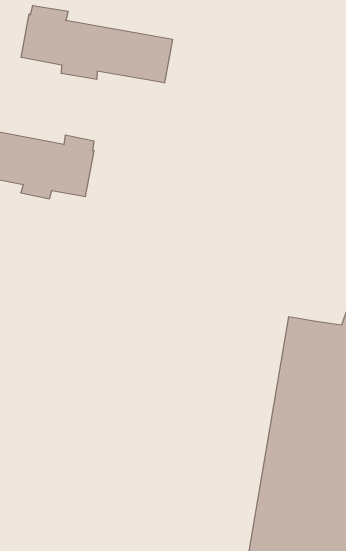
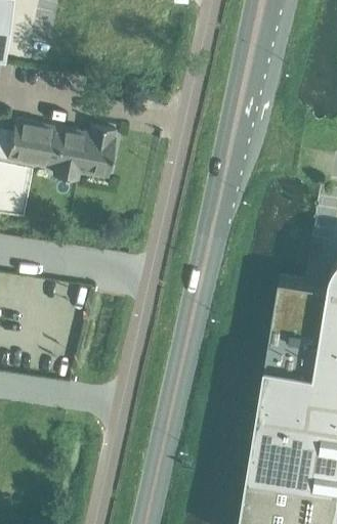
building: [21,5,173,83] -> none

